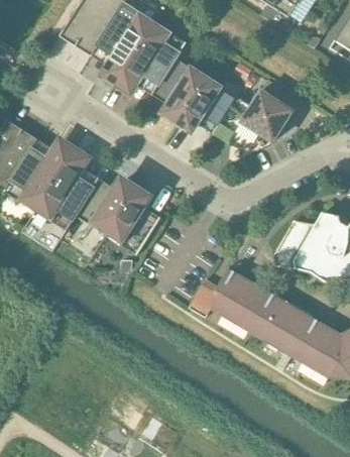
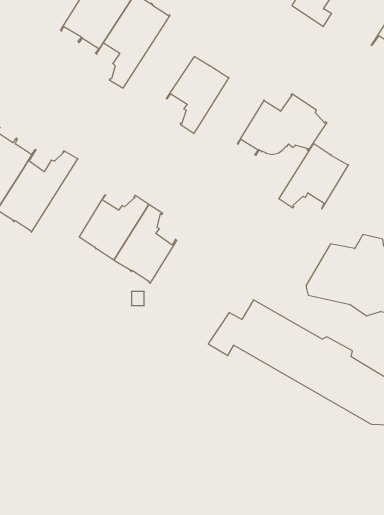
building: [115,22,187,94] -> none
building: [177,76,237,133] -> [279,143,349,209]
building: [35,146,99,230] -> none

